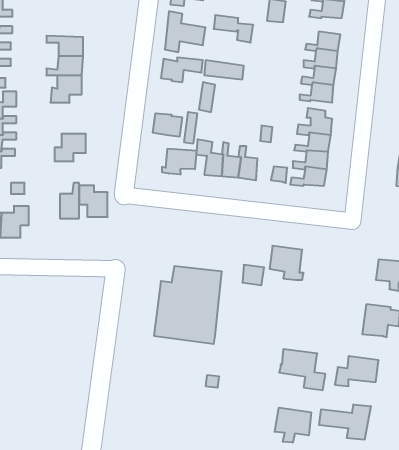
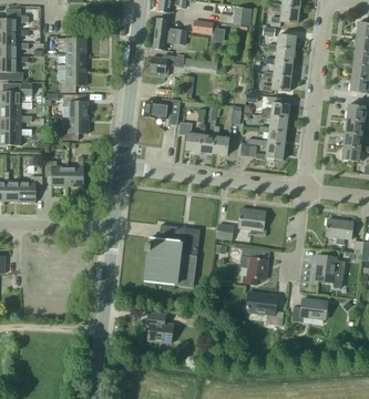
building: none -> [63,93,89,116]
building: [162,149,196,175] -> none
building: [79,185,108,217] -> [44,160,68,185]
building: none -> [240,246,268,285]
building: none -> [146,310,173,342]
building: [319,404,371,440] -> none
building: [275,408,311,443] -> none

